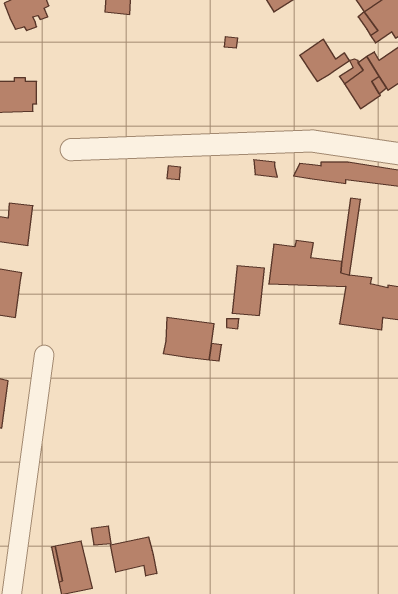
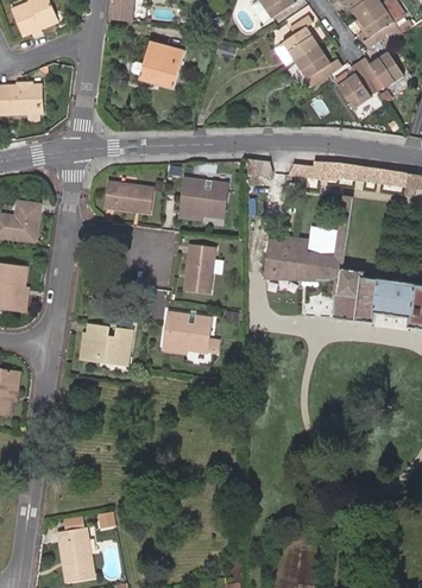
building: none -> [282,13,316,59]
building: none -> [138,42,184,89]
building: none -> [179,179,226,216]
building: none -> [105,183,152,213]
building: [232,266,264,315] -> [183,244,214,291]
building: none -> [82,323,131,363]
building: [110,537,157,576] -> none

